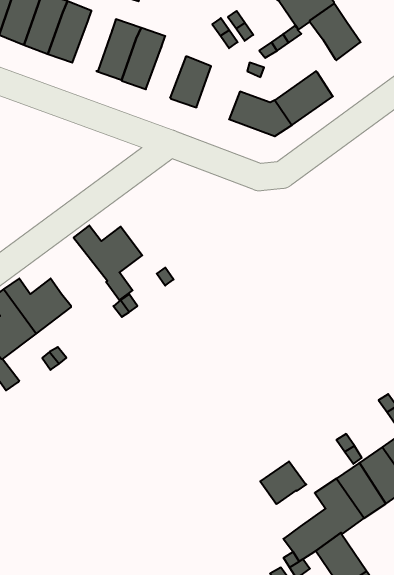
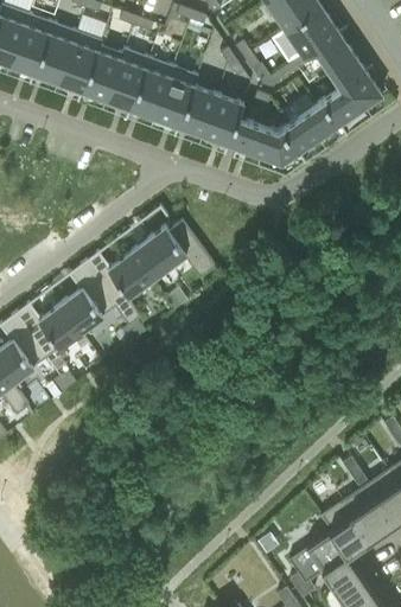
building: none -> [82,43,125,102]
building: none -> [154,68,199,128]
building: none -> [322,74,382,127]
building: none -> [203,97,247,149]
building: none -> [129,223,216,283]
building: none -> [61,266,116,334]
building: [260,461,306,504] -> none

